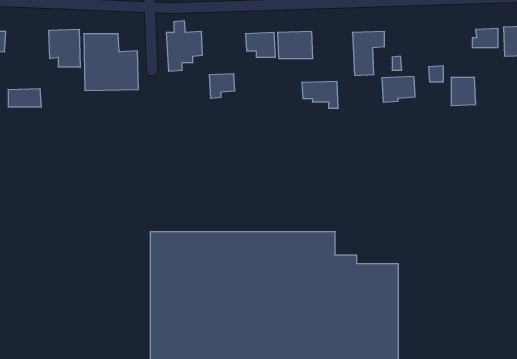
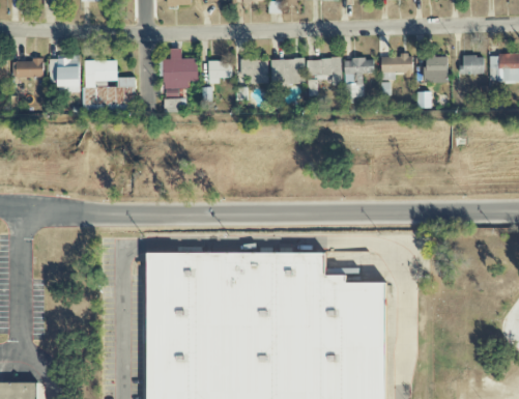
building: [209,74,235,98] -> [207,60,232,84]
building: [382,77,415,102] -> [380,55,412,80]
building: [451,78,476,105] -> [424,56,448,83]
building: [302,82,338,108] -> [306,58,341,84]
building: [8,89,41,107] -> [12,59,45,77]

